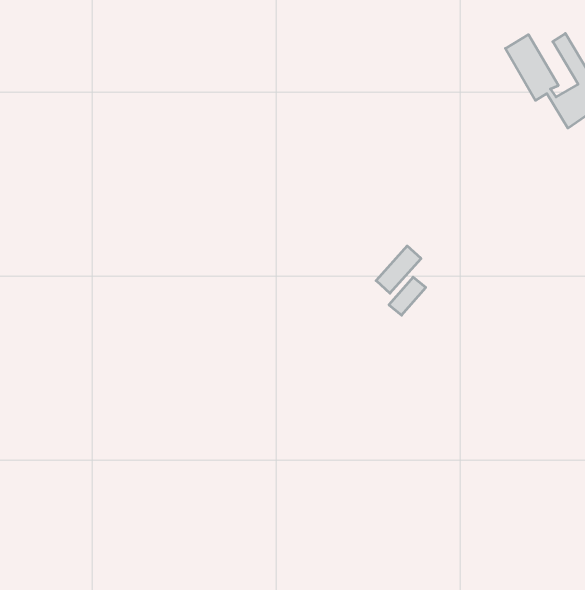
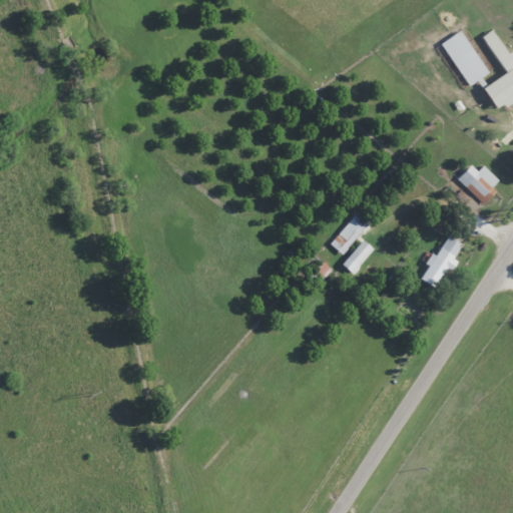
building: none -> [458,165,499,204]
building: none -> [420,235,462,288]

